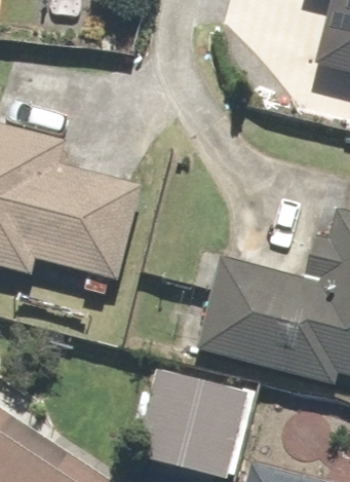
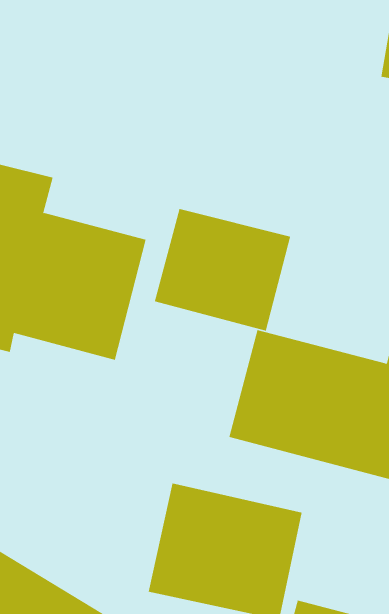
building: none -> [154,208,291,331]

